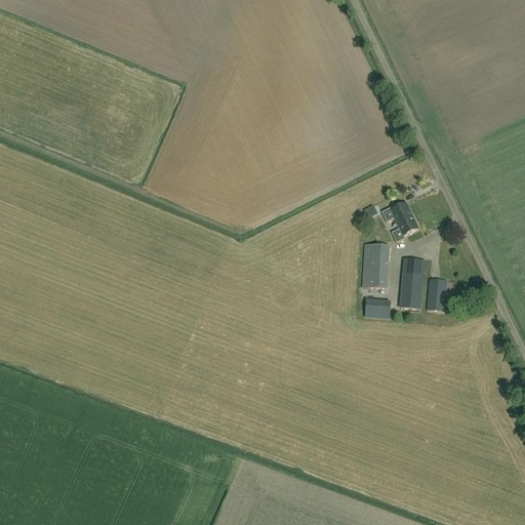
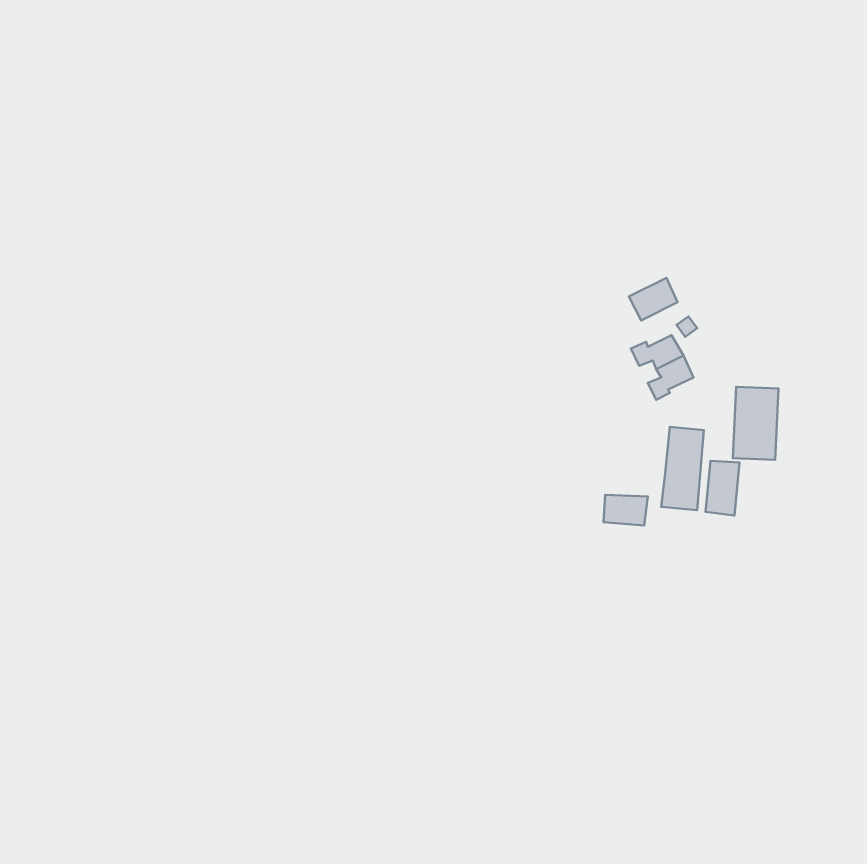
building: none -> [629,278,678,321]
building: [361,243,389,287] -> [733,387,779,460]

